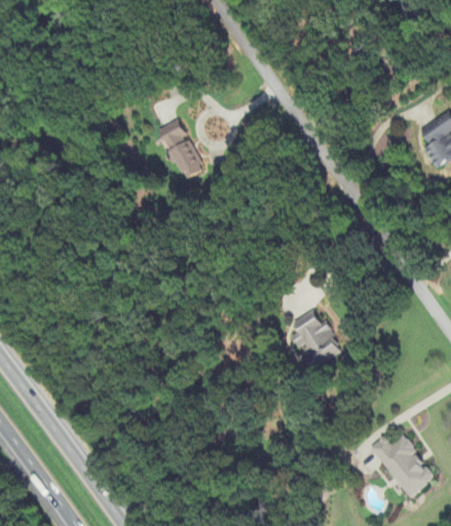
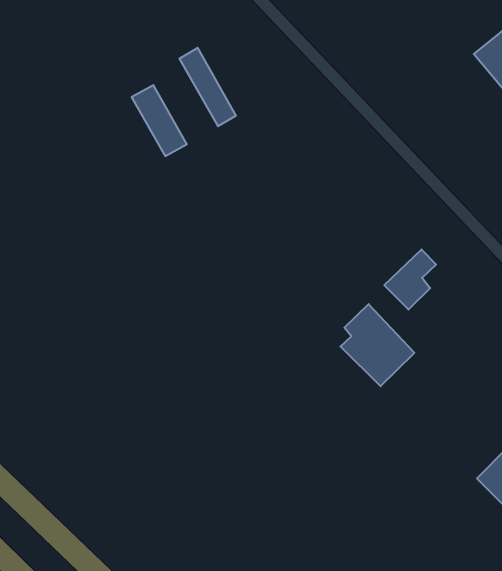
building: none -> [180,48,236,126]
building: none -> [384,249,436,310]

